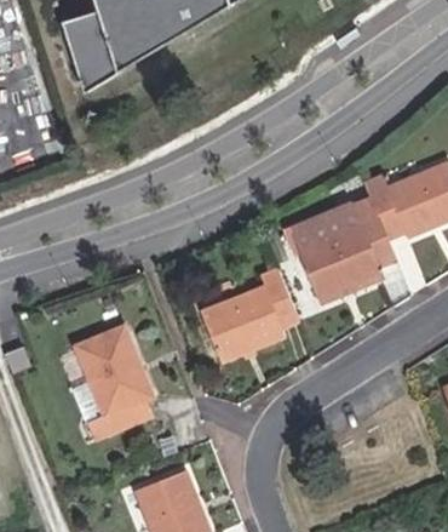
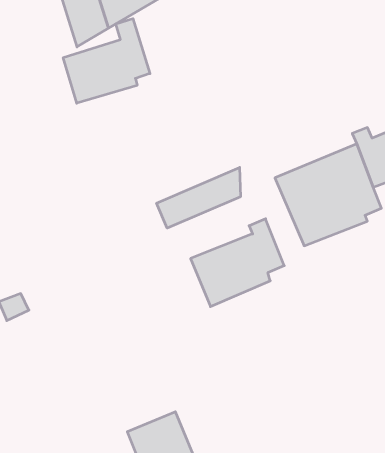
building: none -> [63,19,150,103]
building: none -> [157,167,240,228]
building: [74,324,151,440] -> none

